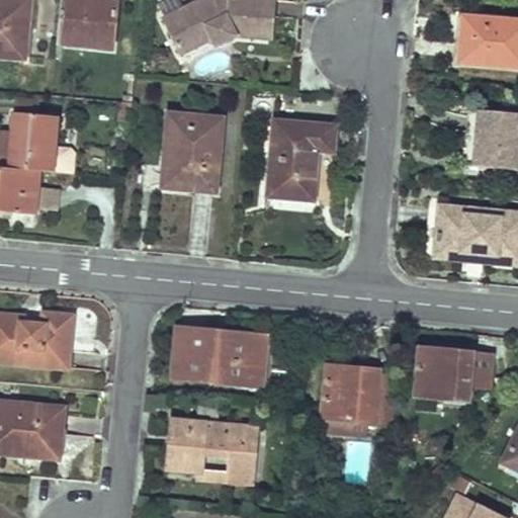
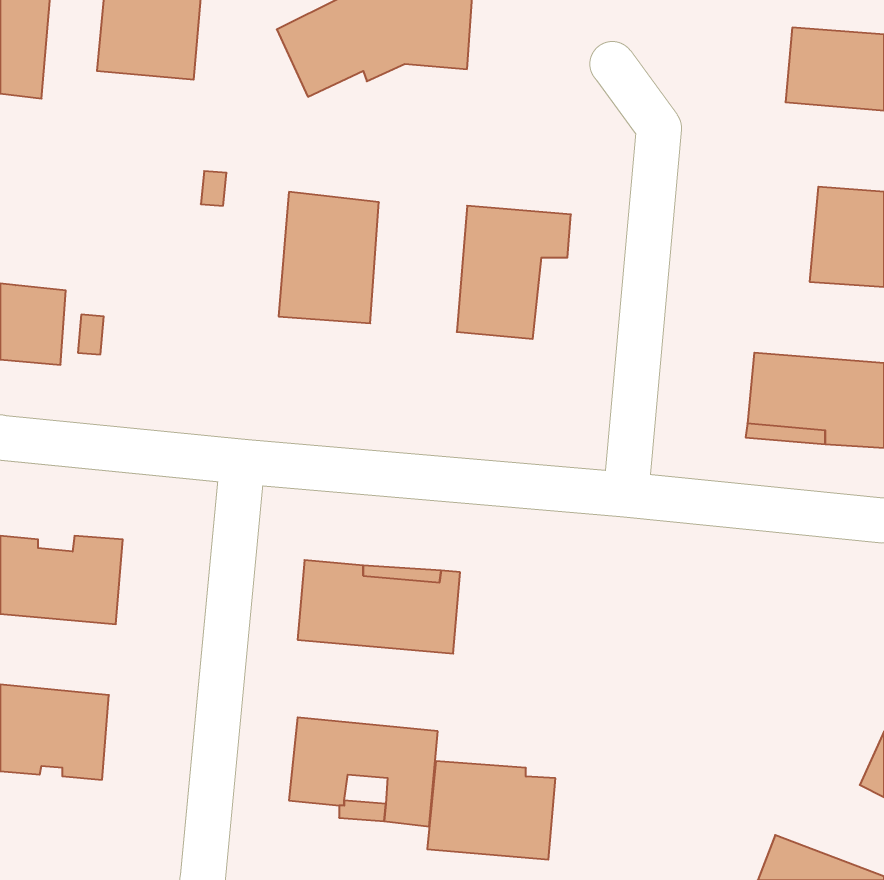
building: [9,112,74,173] -> none
building: [417,347,491,398] -> none
building: [323,365,398,423] -> [427,761,555,860]

